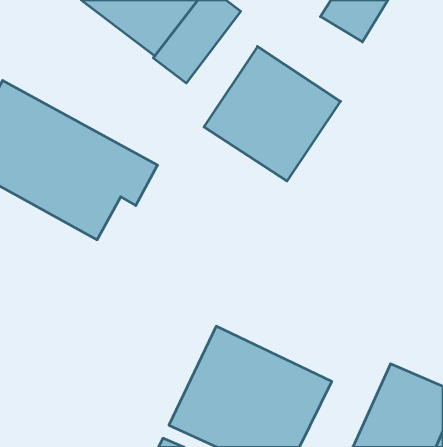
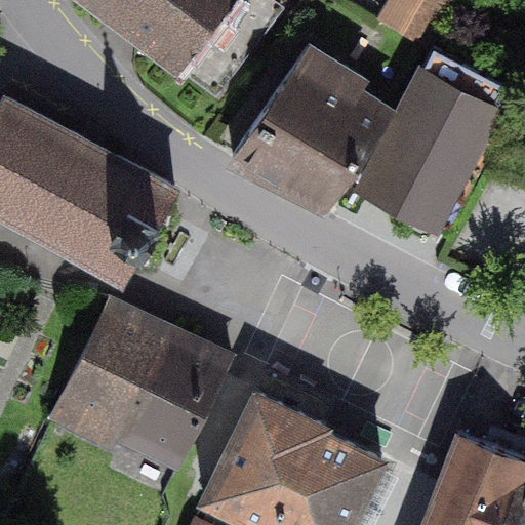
building: none -> [365,77,511,247]
building: none -> [46,302,219,485]

